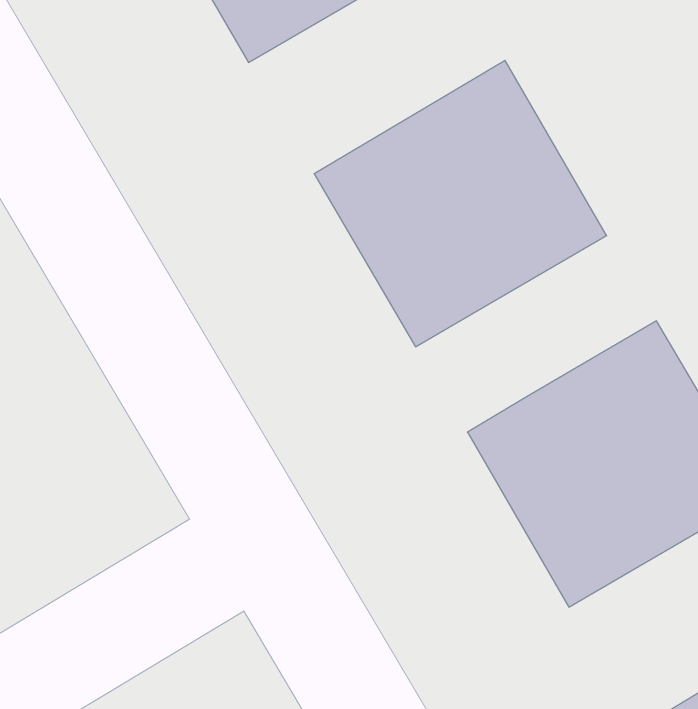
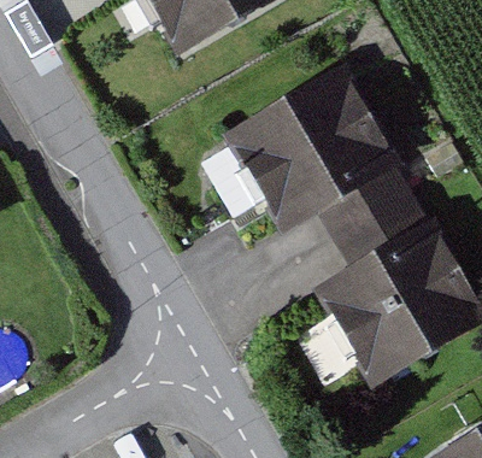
building: none -> [319,164,428,262]

